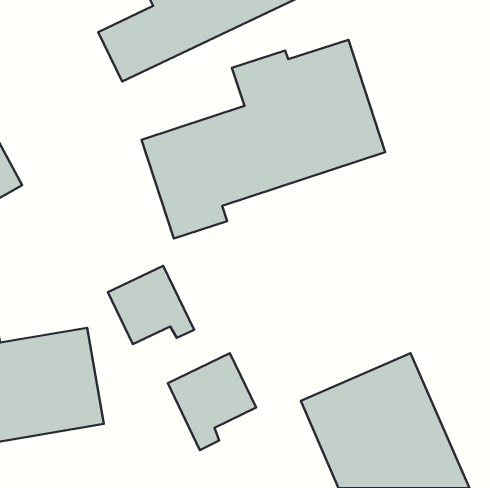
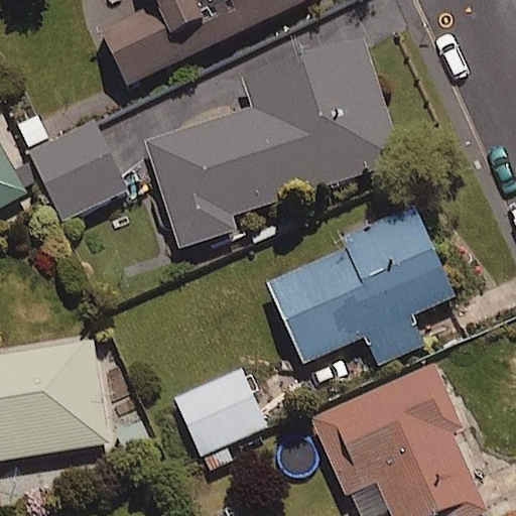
building: none -> [31,124,123,220]
building: none -> [268,207,455,363]
building: [108,266,194,344] -> none

